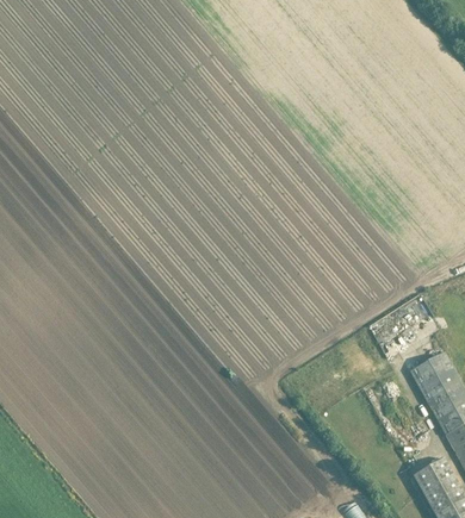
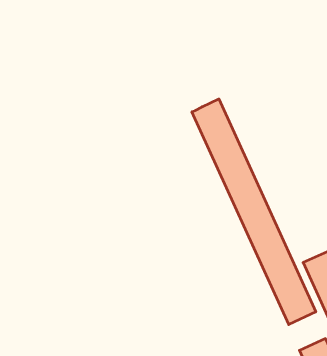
building: none -> [192,99,316,325]

